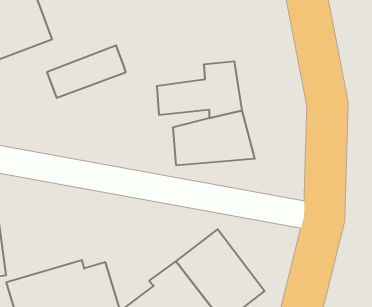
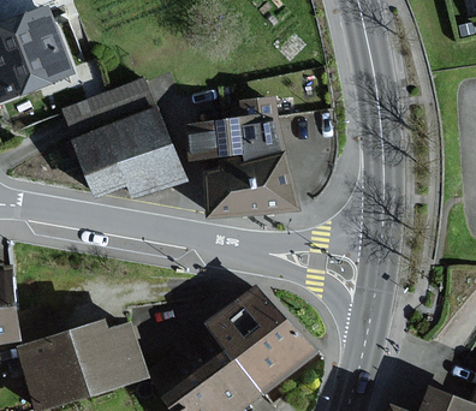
building: none -> [75,109,182,196]

